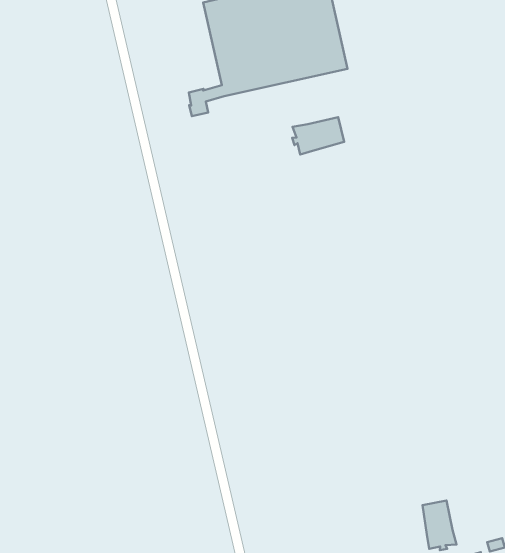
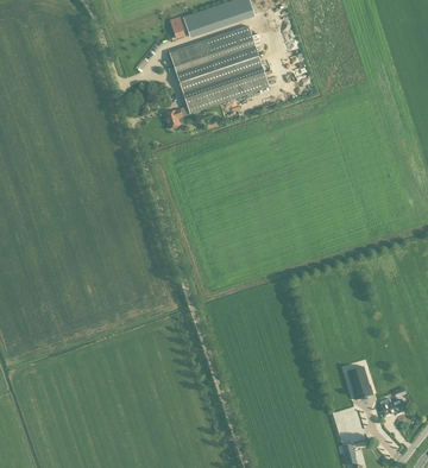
building: [292,117,344,155] -> none

